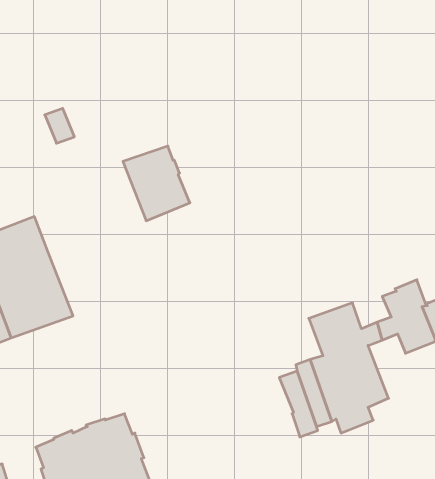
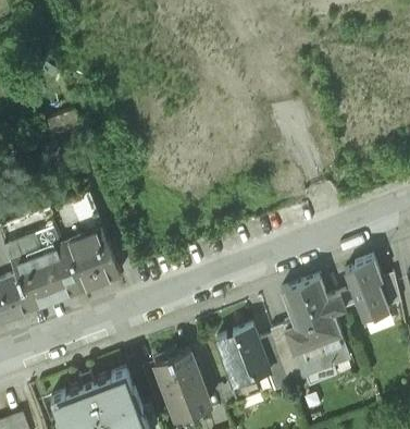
building: [123,146,190,221] -> [63,225,120,289]
building: none -> [216,327,269,381]
building: none -> [156,350,209,420]

